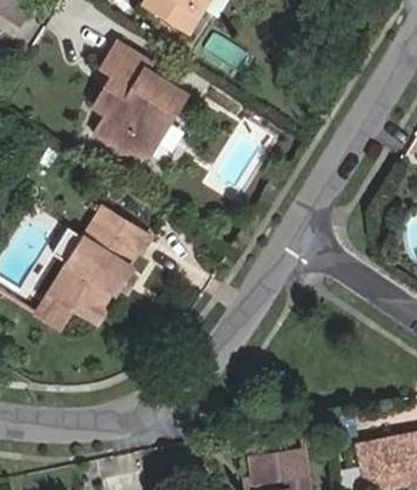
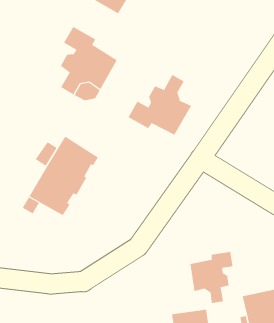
building: none -> [128,74,192,135]
building: none -> [190,251,233,304]

